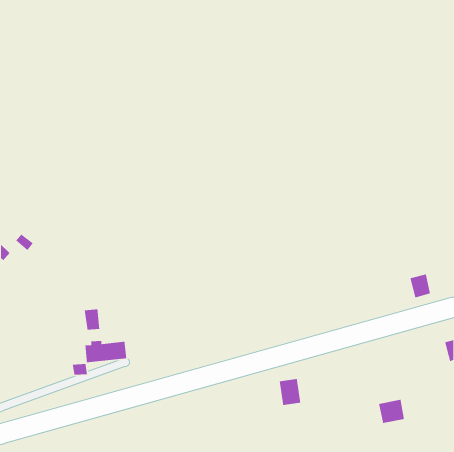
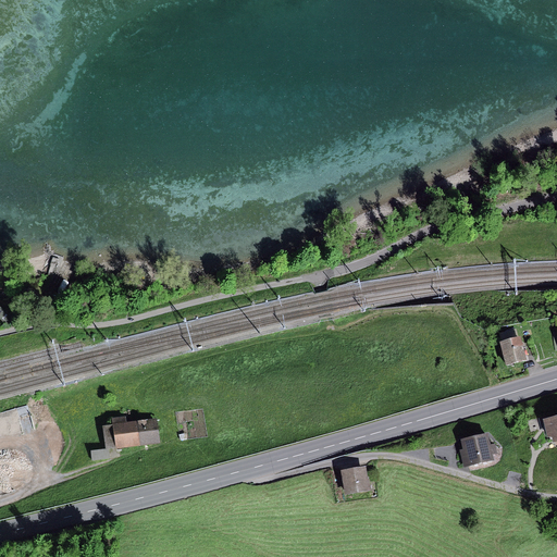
building: [84,308,100,331] -> none
building: [378,399,405,424] -> [461,436,494,467]

